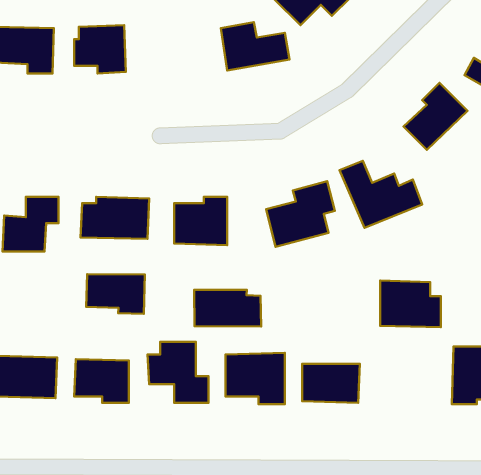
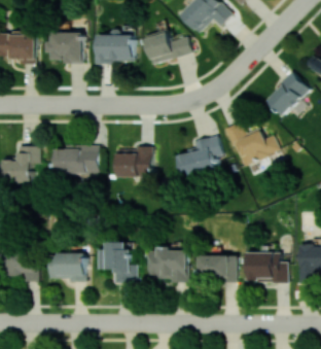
building: none -> [96,30,135,63]
building: [86,274,145,314] -> none
building: [380,280,441,327] -> [248,252,288,283]
building: [194,290,261,327] -> none

